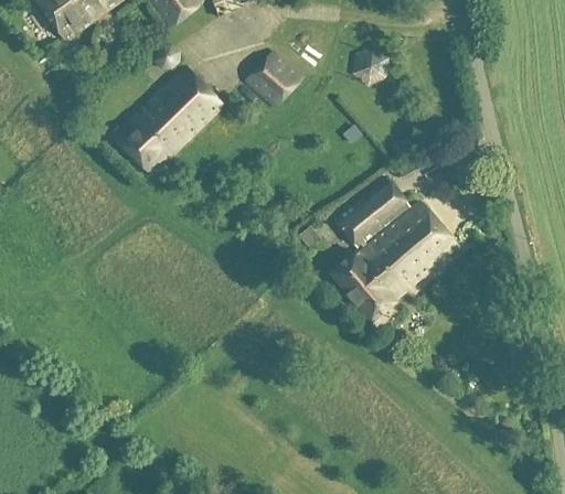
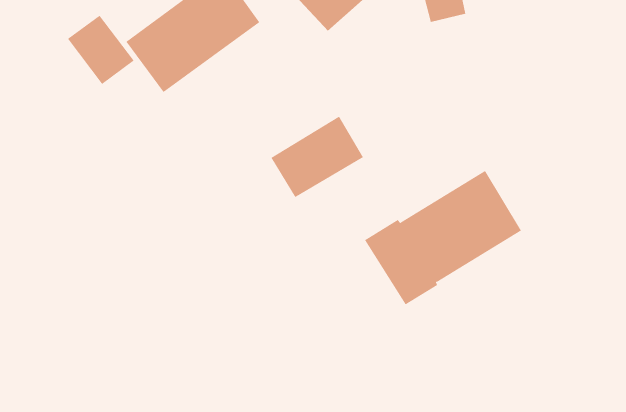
building: none -> [67,15,134,85]
building: [334,175,411,247] -> [271,116,364,198]

